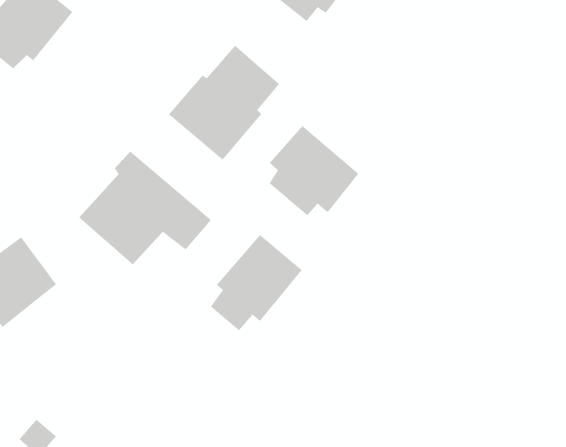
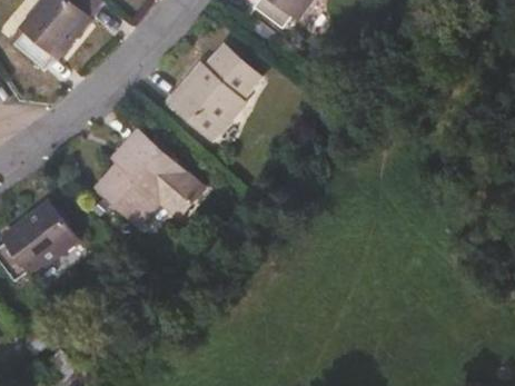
building: [269,125,359,216] -> none
building: [210,234,302,331] -> none

